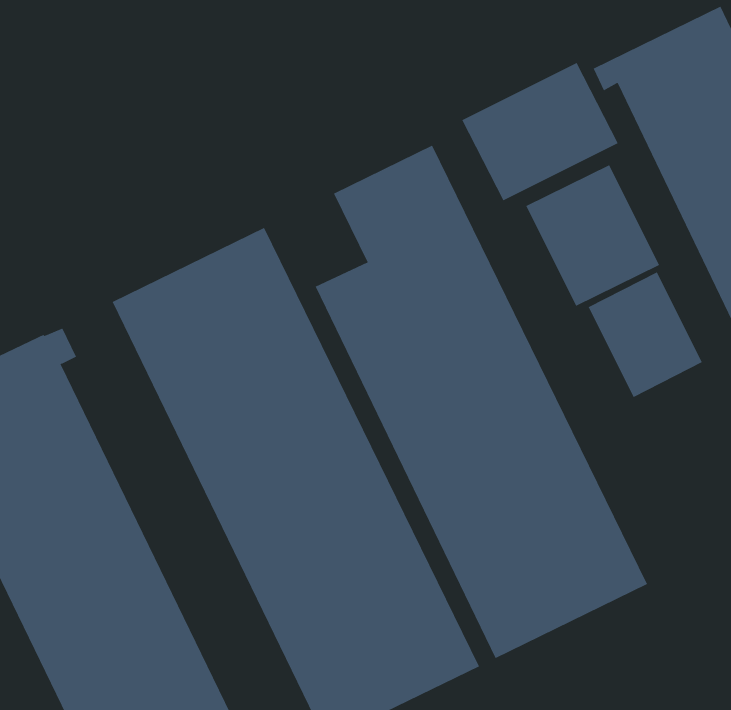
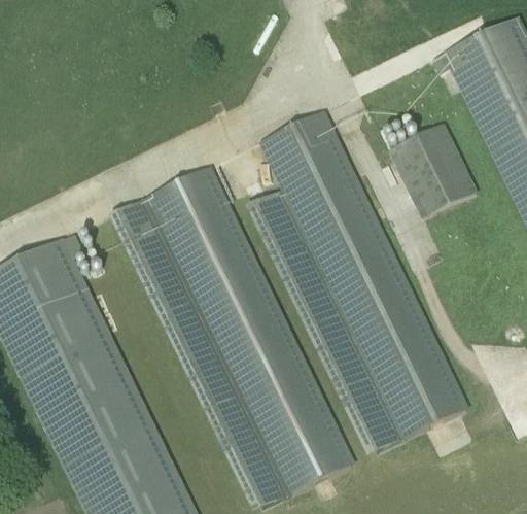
building: [462,62,618,201] -> none
building: [588,272,703,398] -> none

